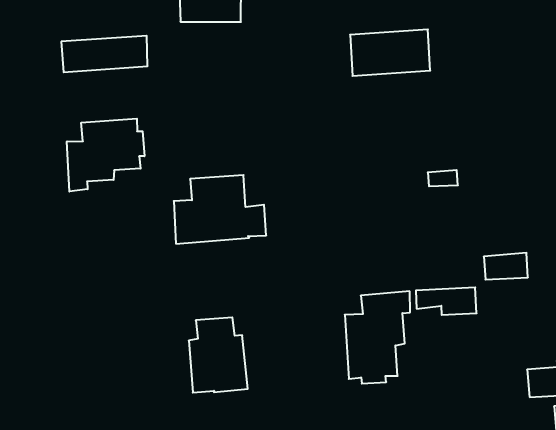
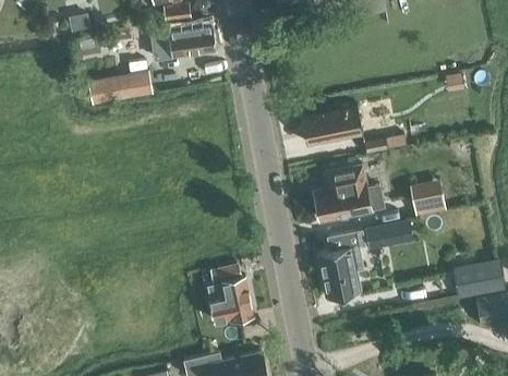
building: [350,29,430,76] -> [301,105,362,145]
building: [67,119,144,192] -> none
building: [174,175,266,244] -> [313,166,383,221]

